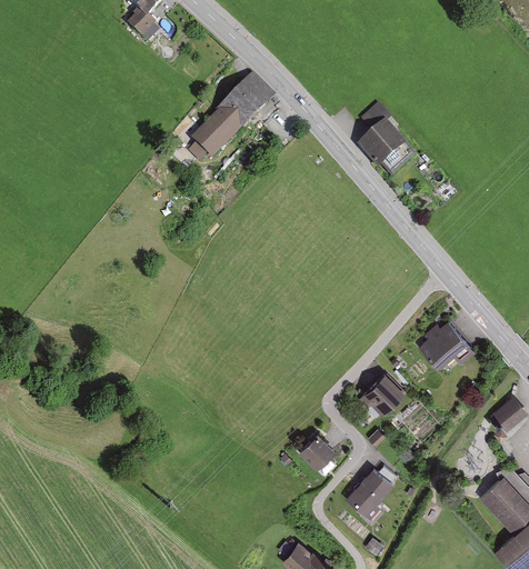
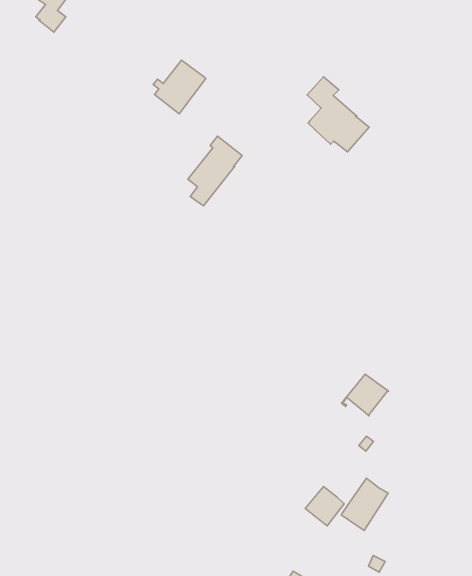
building: [193,102,244,163] -> [188,136,242,206]
building: [420,322,473,367] -> none
building: [301,432,337,468] -> [305,487,344,526]

